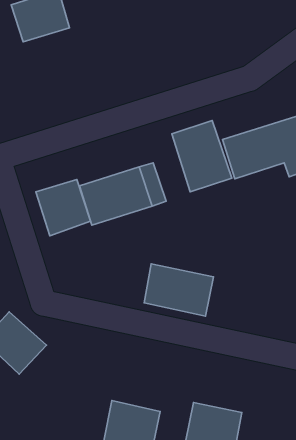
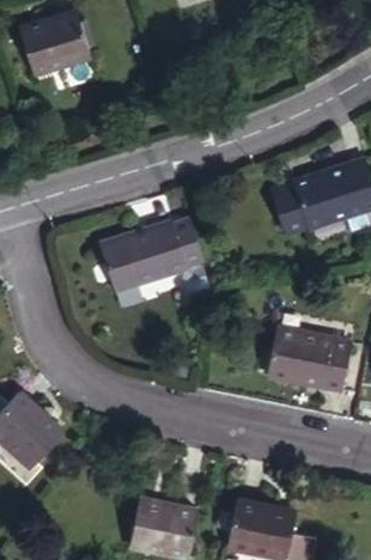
building: [172,121,232,192] -> none
building: [36,179,91,236] -> none
building: [144,264,214,316] -> [267,325,349,388]

